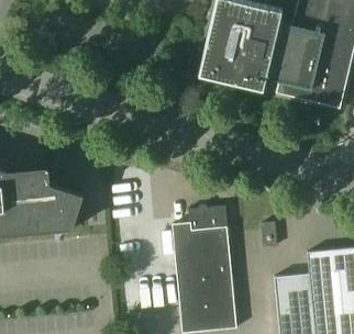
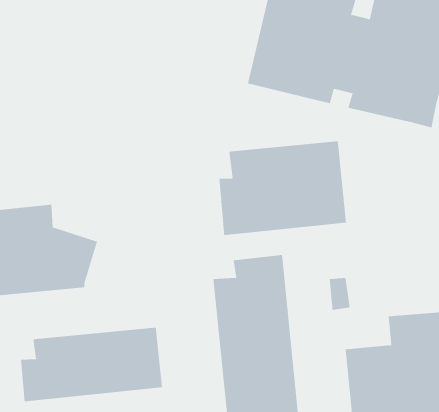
building: none -> [219,141,347,236]
building: none -> [21,327,162,402]

